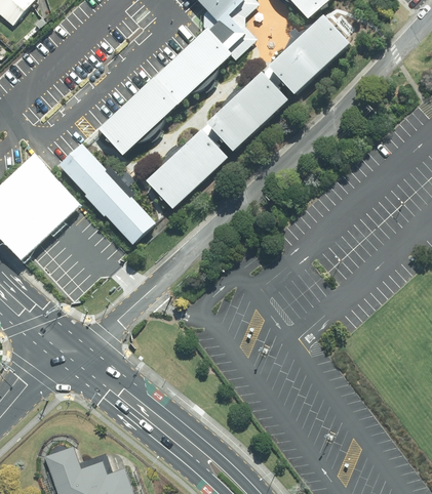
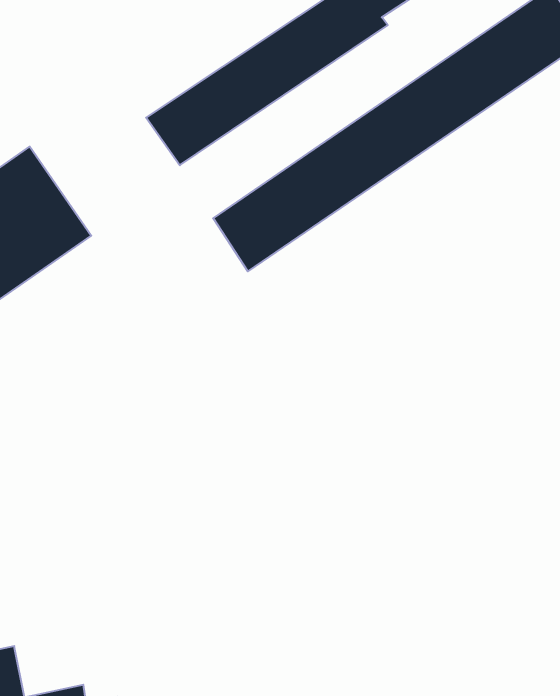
building: [57,143,154,243] -> none

